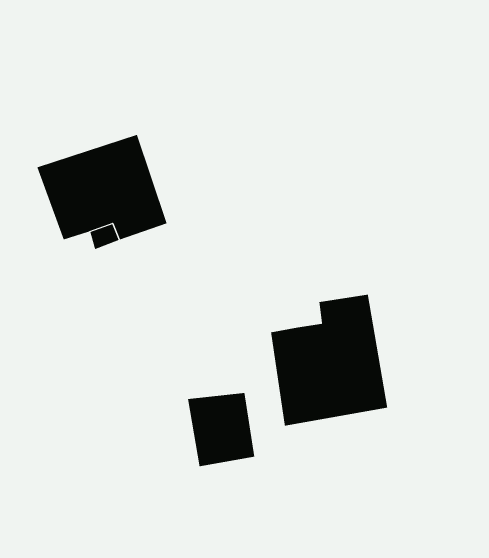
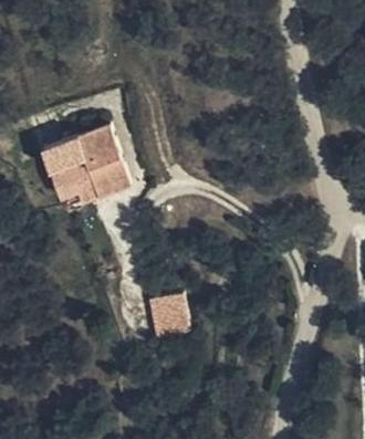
building: [271,294,388,426] -> none

